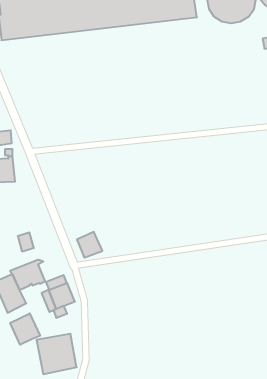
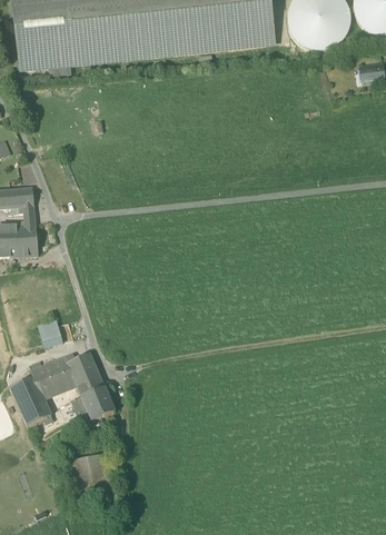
building: [77,232,102,258] -> [68,351,101,385]
building: [10,313,40,345] -> none

